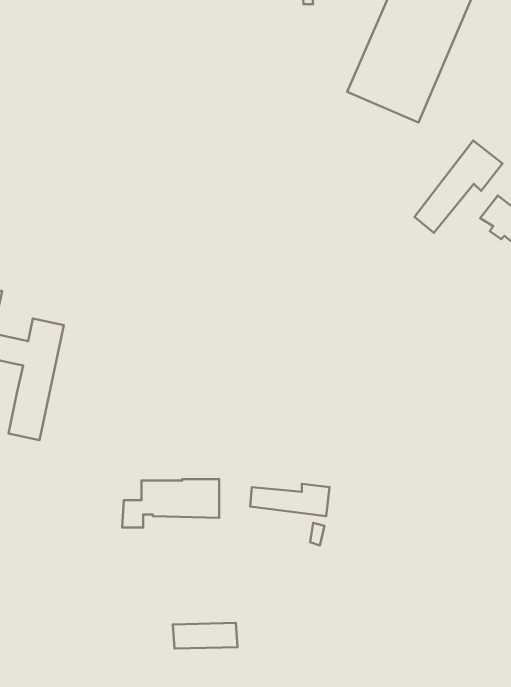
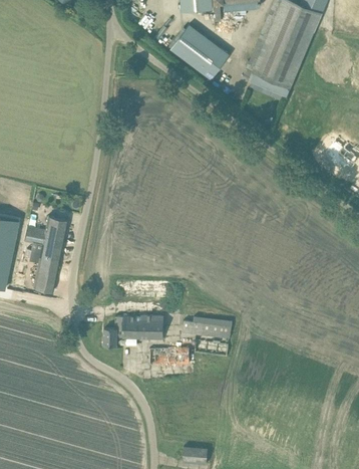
building: none -> [170,24,230,79]
building: [415,140,502,233] -> none
building: [173,623,238,649] -> [149,347,190,364]

